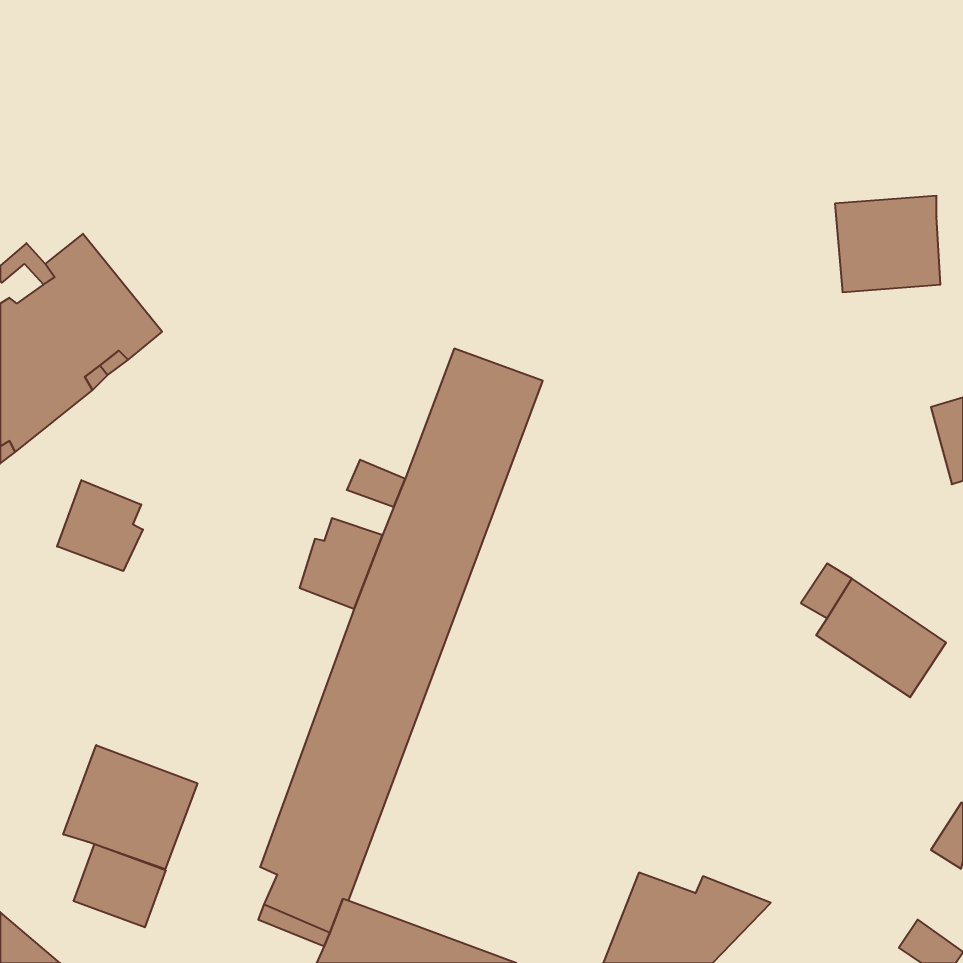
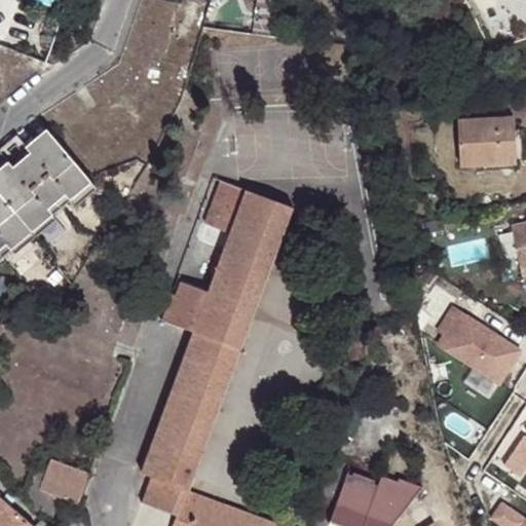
building: none -> [199,181,248,248]
building: [57,480,143,571] -> none
building: [63,745,197,869] -> none

